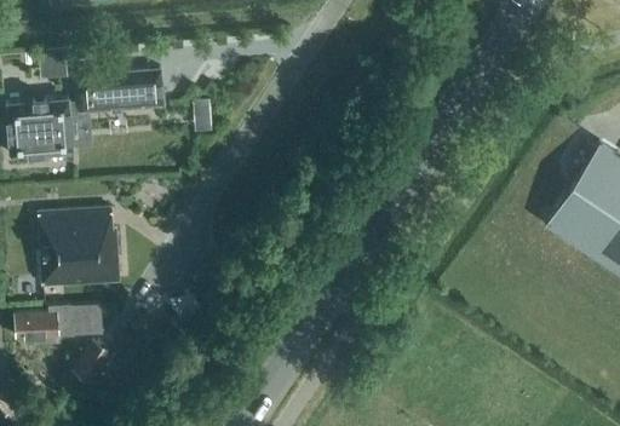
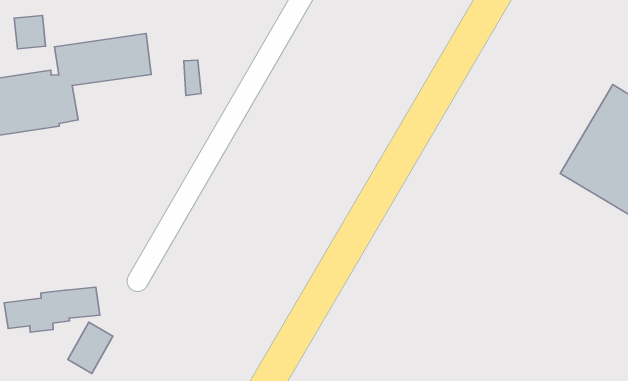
building: [39,208,119,287] -> none

